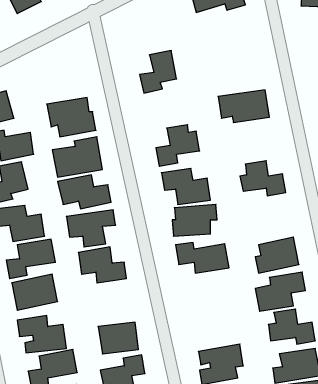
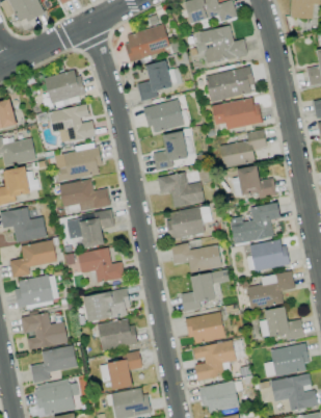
building: none -> [125,25,170,59]
building: none -> [199,25,247,64]
building: none -> [207,67,256,101]
building: none -> [45,69,85,103]
building: none -> [144,99,185,133]
building: none -> [220,130,267,166]
building: none -> [231,203,280,243]
building: none -> [181,270,230,312]
building: none -> [84,289,131,321]
building: none -> [187,312,226,344]

